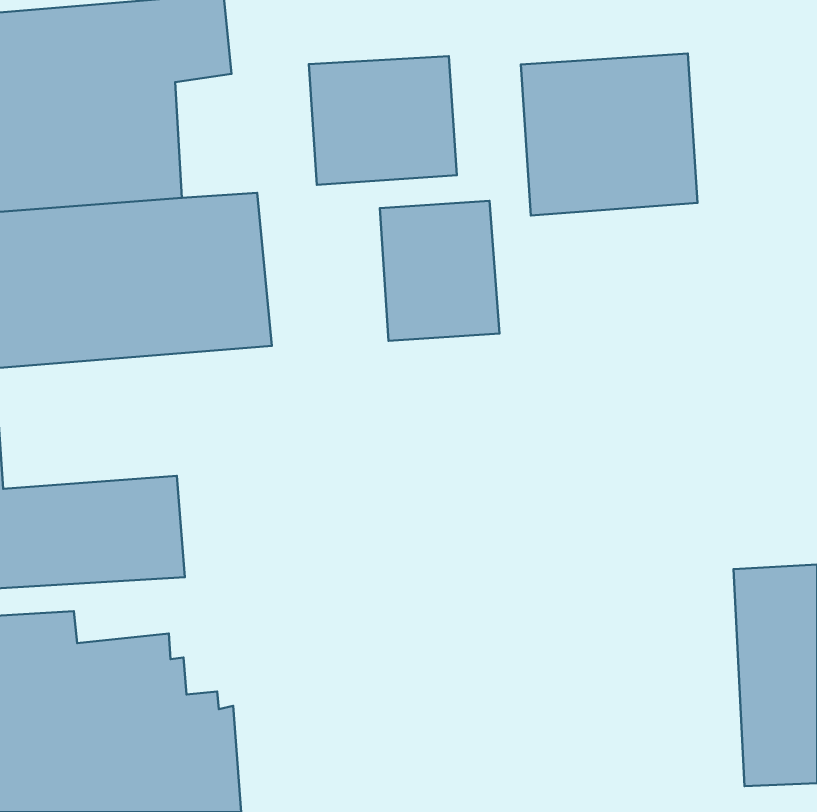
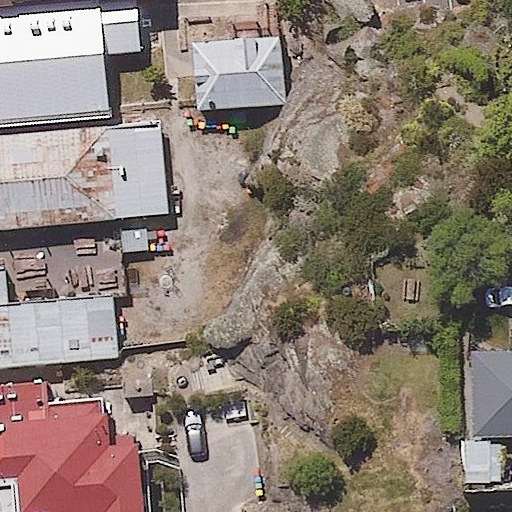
building: [521,54,698,216] -> none
building: [380,201,499,341] -> none

